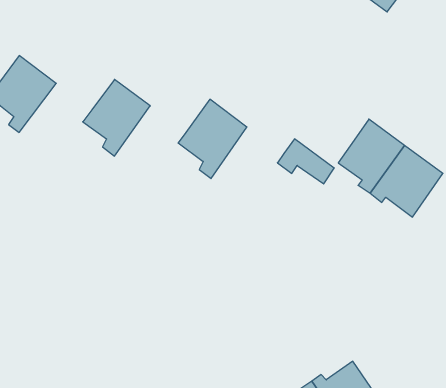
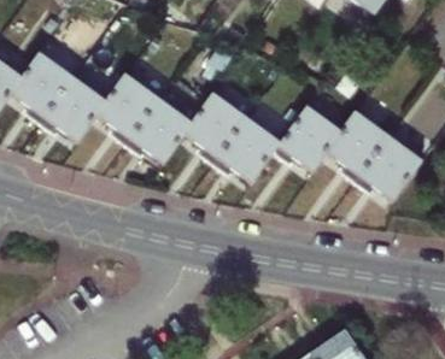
building: none -> [37,78,104,140]
building: none -> [124,99,189,161]
building: none -> [288,104,342,155]
building: none -> [212,118,279,183]

